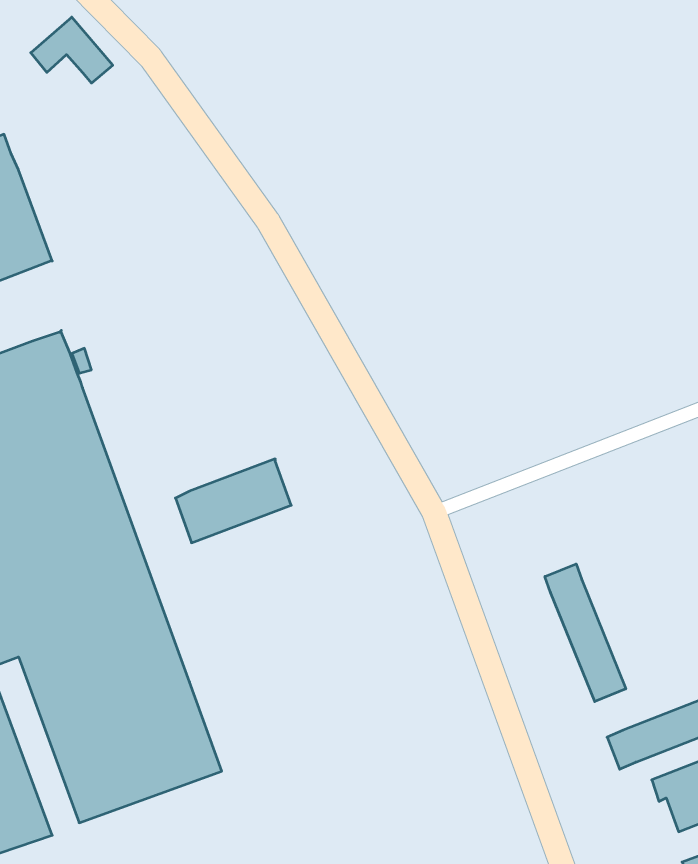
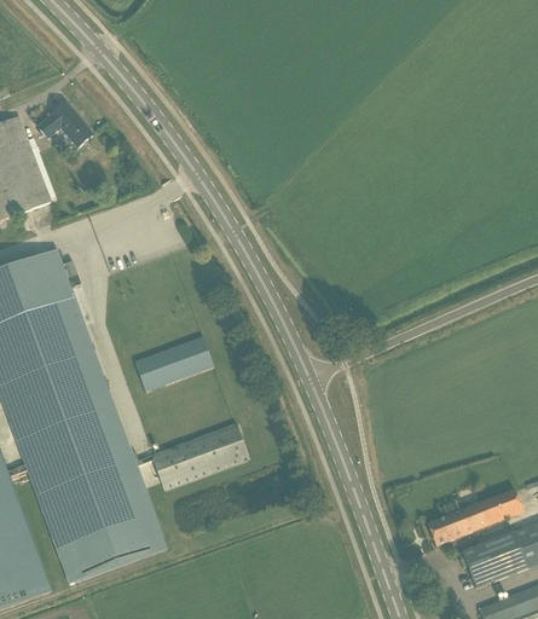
building: [31,17,113,83] -> [35,102,91,146]
building: [545,564,626,702] -> none
building: none -> [149,423,248,491]

